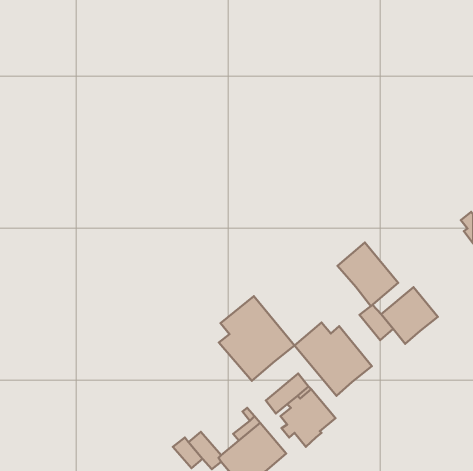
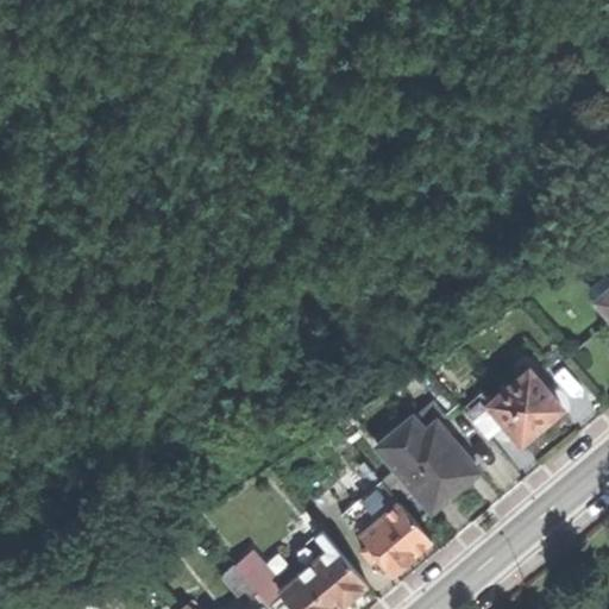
building: [338,243,398,306] -> none
building: [219,296,295,381] -> none

